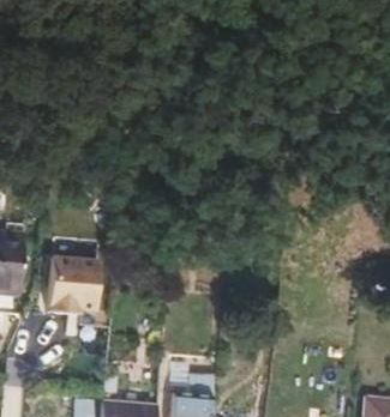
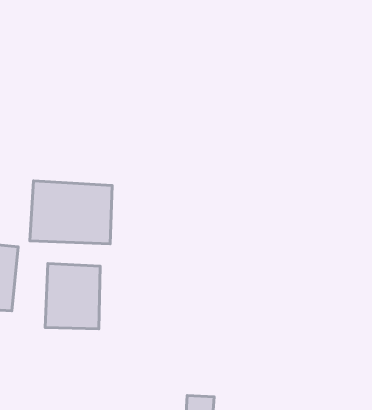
building: none -> [30,181,112,244]

